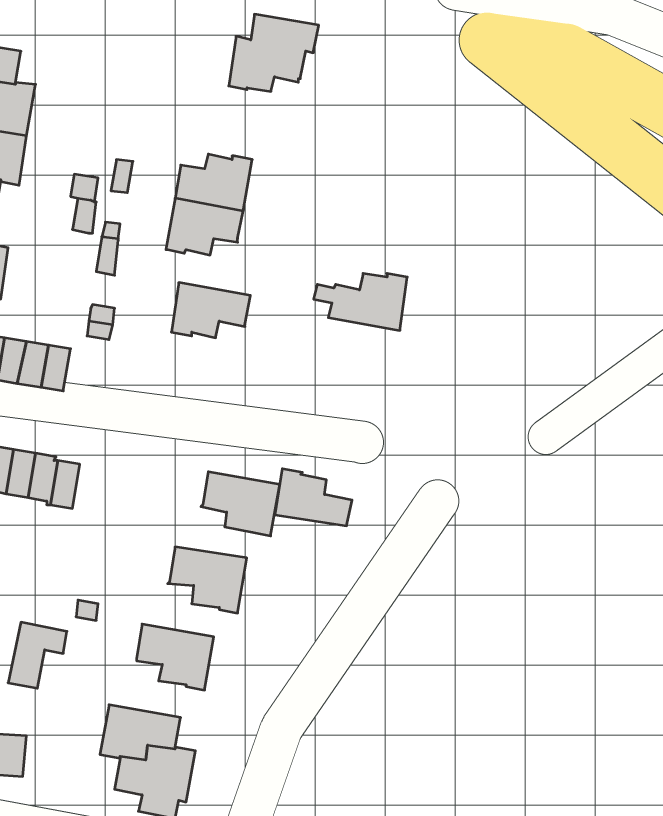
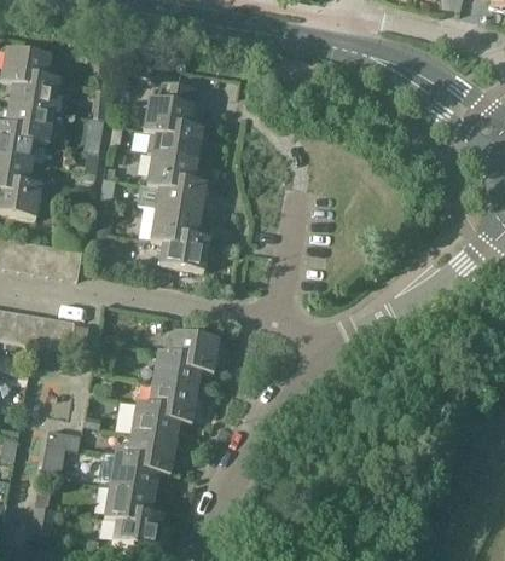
building: [229,14,319,91] -> [143,80,202,131]
building: [314,273,407,330] -> [144,177,205,214]
building: none -> [158,231,209,270]
building: [275,469,352,526] -> [151,349,202,387]
building: none -> [129,400,180,439]
building: none -> [108,451,158,492]

